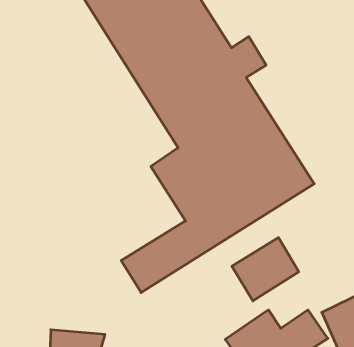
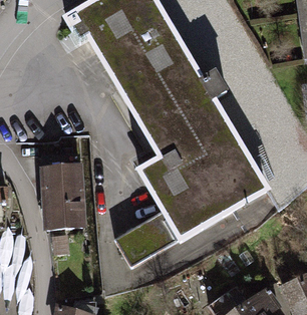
building: none -> [40,161,89,227]
building: [232,238,299,301] -> none

